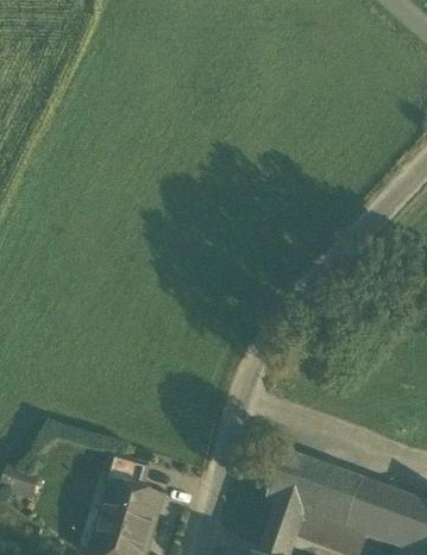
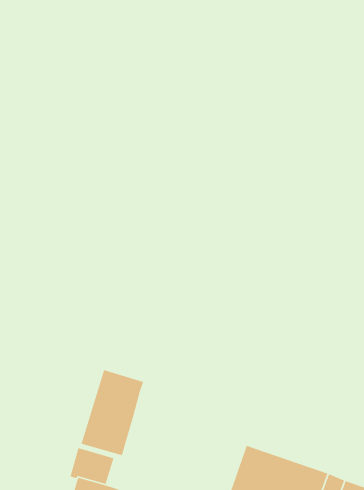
building: none -> [81,369,144,456]

